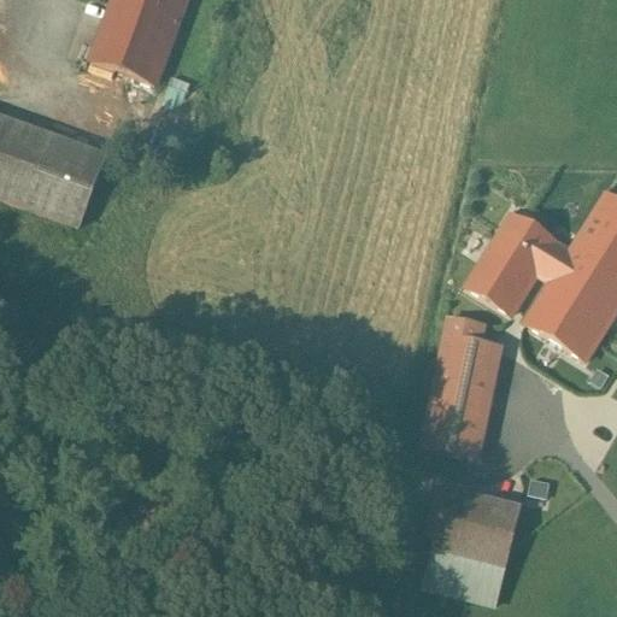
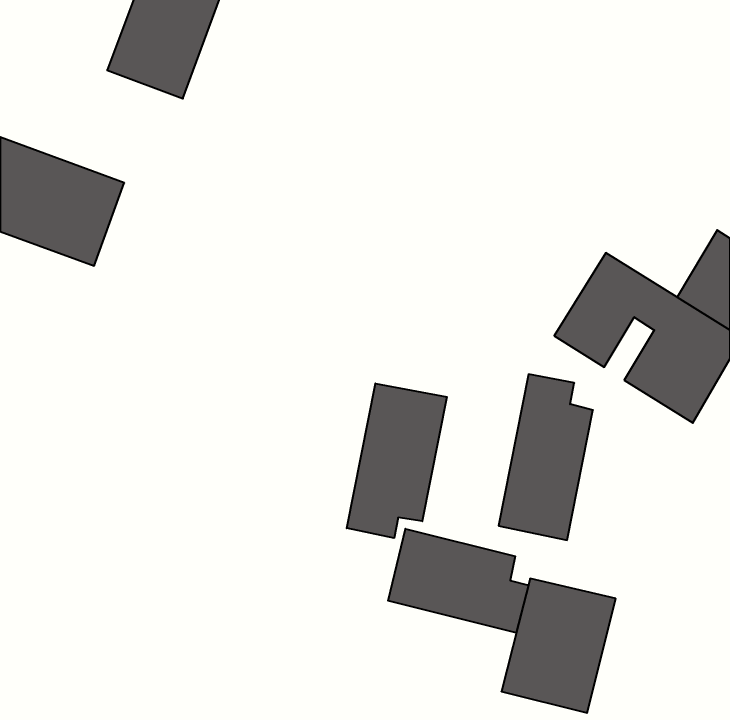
building: none -> [347,383,447,538]
building: none -> [388,529,528,633]

